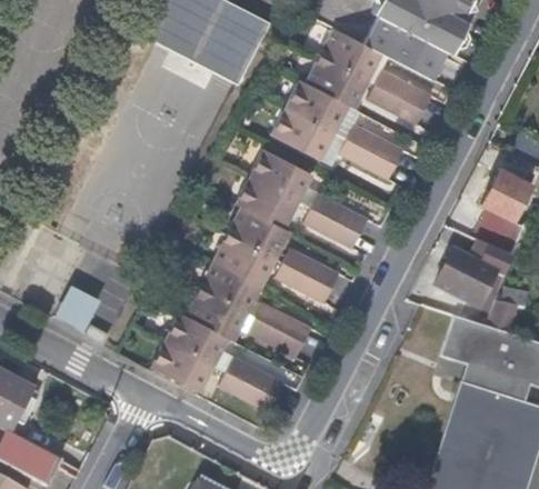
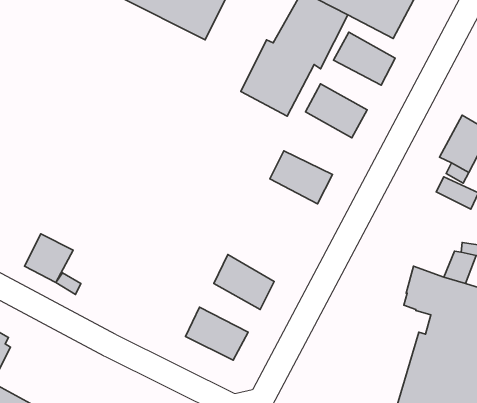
building: [151,151,315,391] -> none
building: [275,249,339,305] -> none
building: [437,255,493,302] -> none

